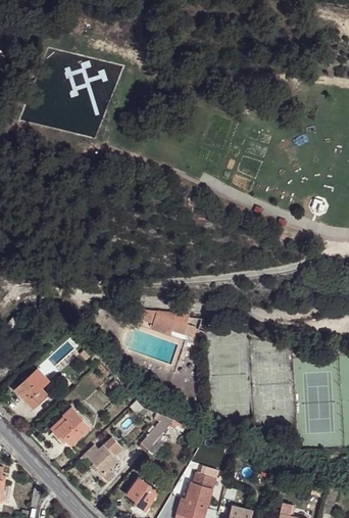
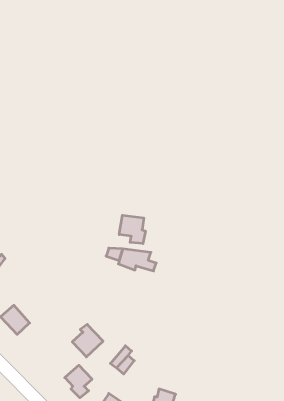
building: none -> [119,215,145,244]
building: [52,410,88,448] -> [72,324,103,357]

